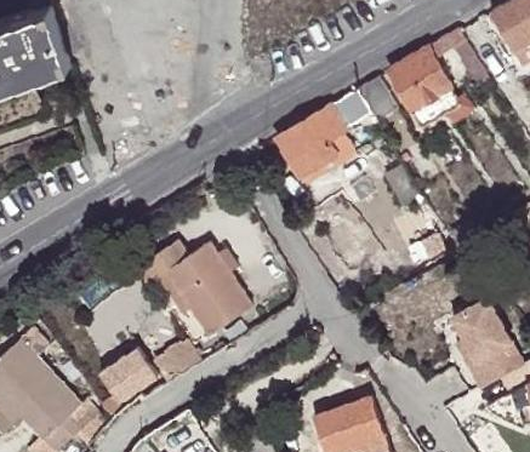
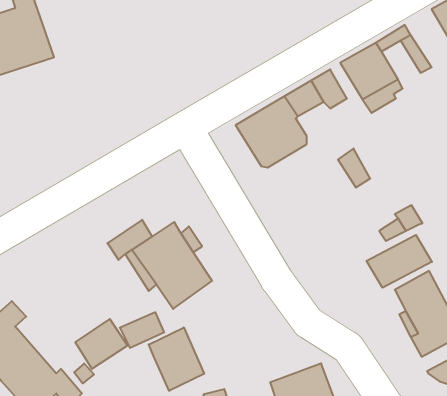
building: none -> [367,235,432,288]
building: none -> [149,327,204,391]

